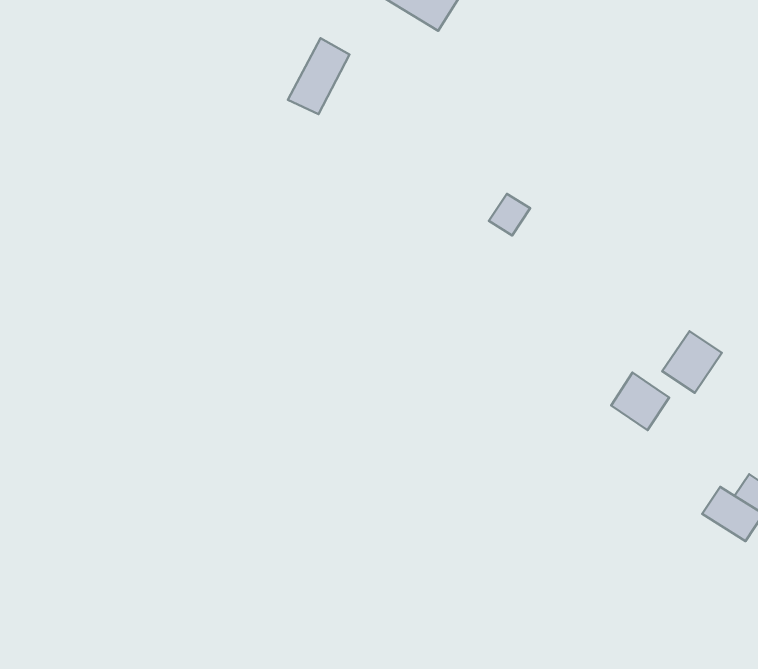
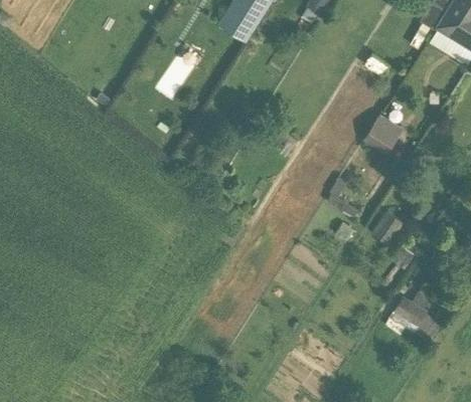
building: none -> [363,114,403,155]
building: [611,372,669,430] -> none

